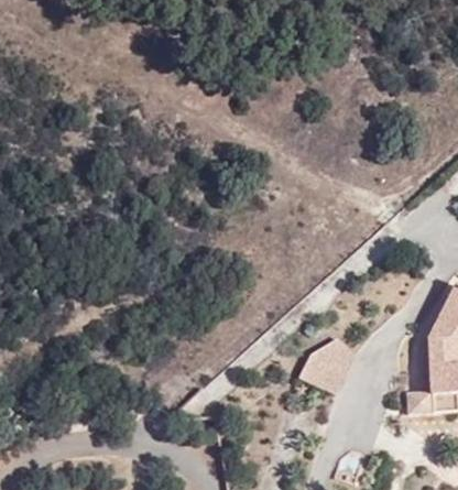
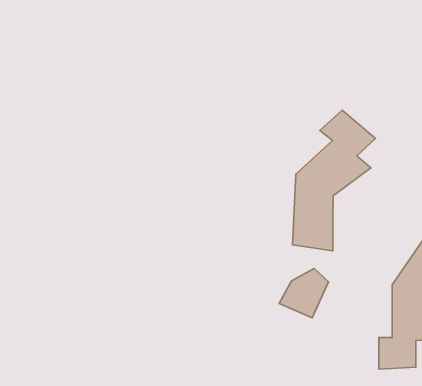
building: none -> [293,110,376,251]

